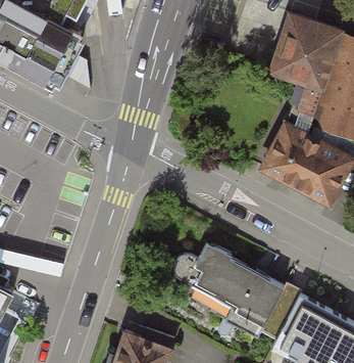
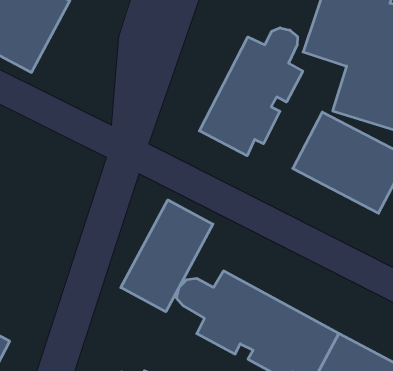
building: none -> [199,28,303,156]
building: none -> [121,200,213,312]

